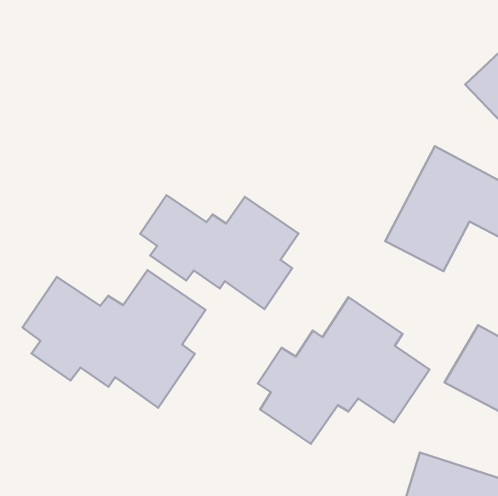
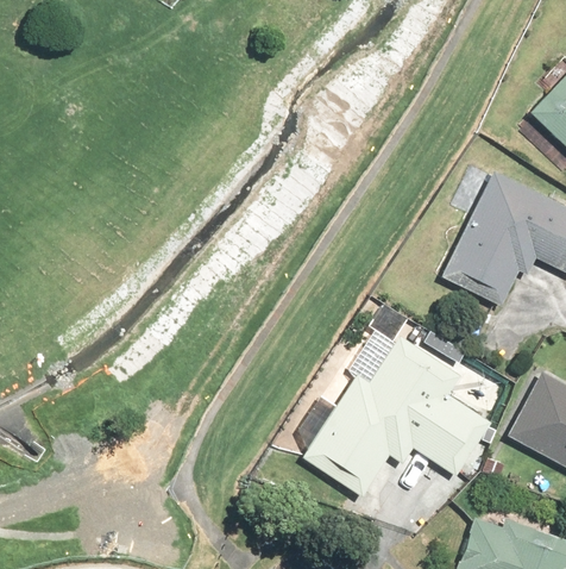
building: [140,195,298,309] -> none
building: [22,270,206,408] -> none

